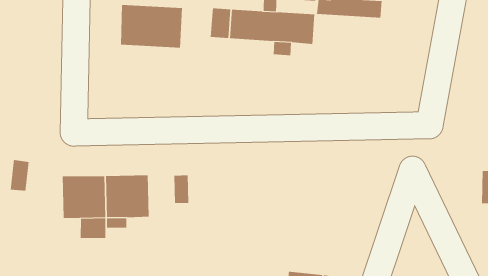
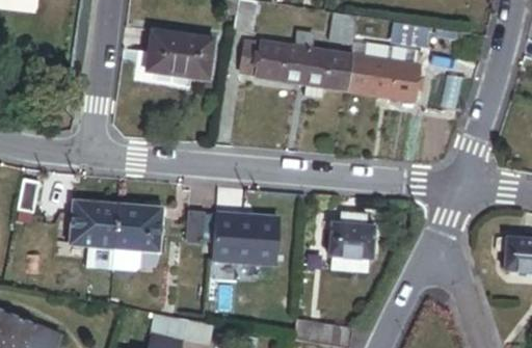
building: none -> [346,58,419,100]
building: none -> [329,215,376,273]
building: none -> [213,212,280,266]

